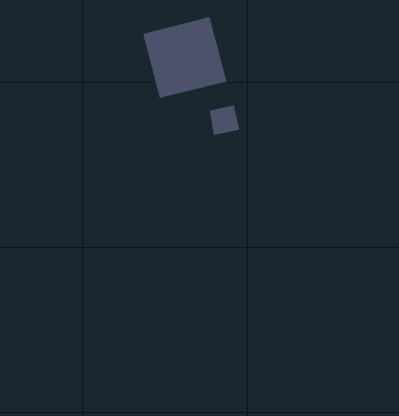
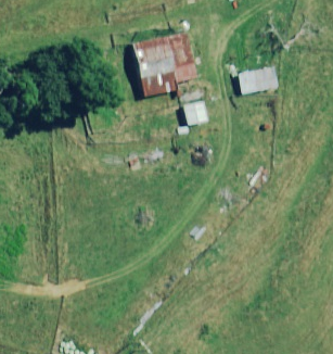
building: none -> [235,66,281,92]

